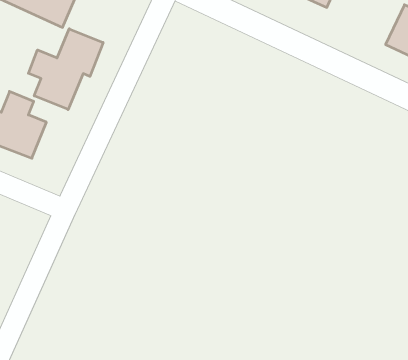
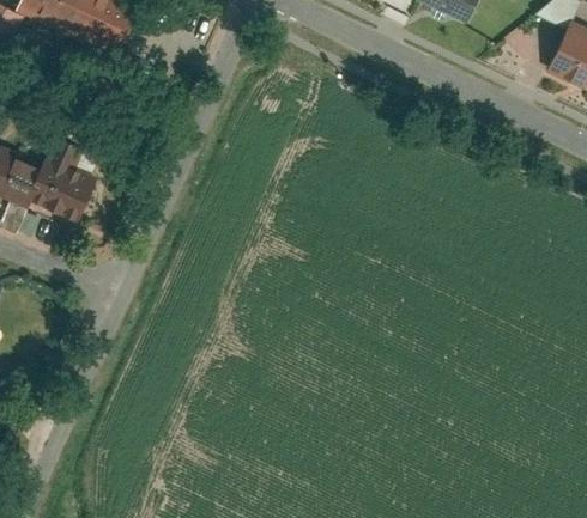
building: [28,29,103,110] -> none

